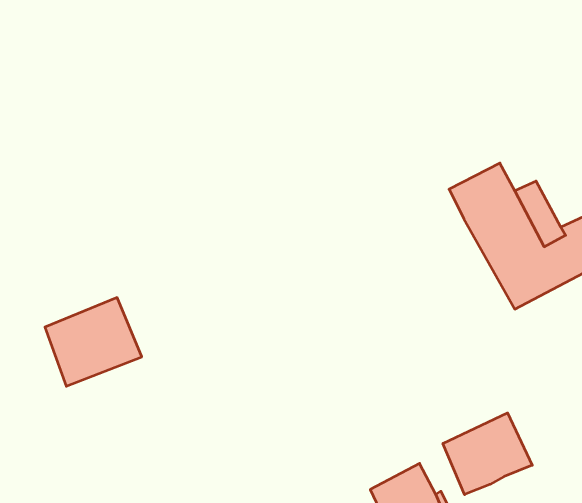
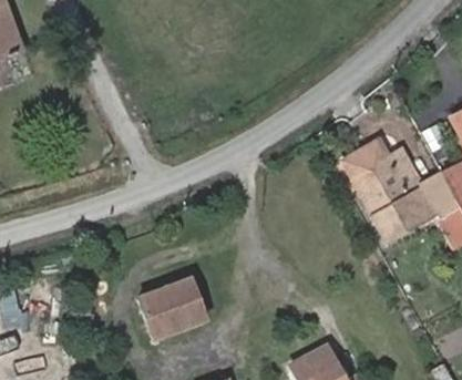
building: [45,298,142,386] -> [144,280,209,340]
building: [443,413,532,495] -> none

